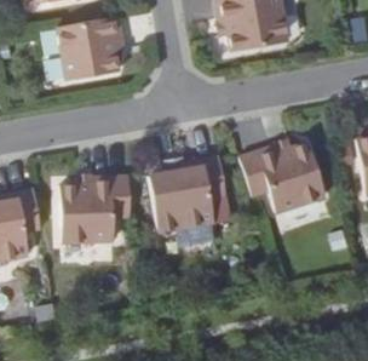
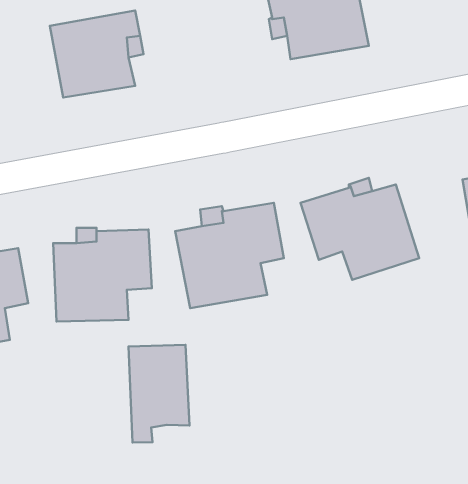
building: none -> [128,345,190,442]

